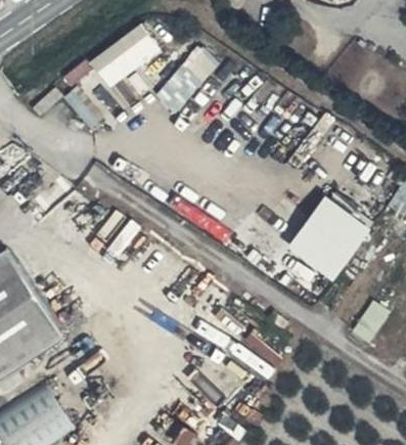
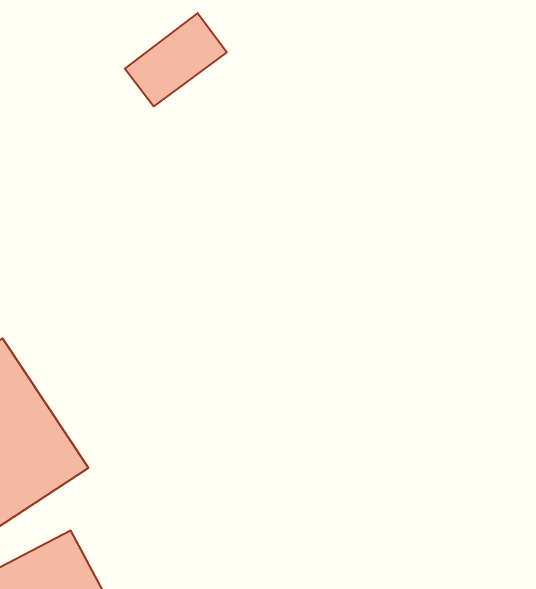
building: [156,44,218,110] -> none
building: [289,205,365,280] -> none

